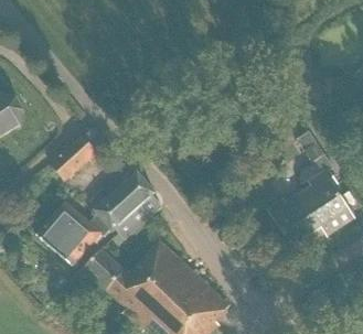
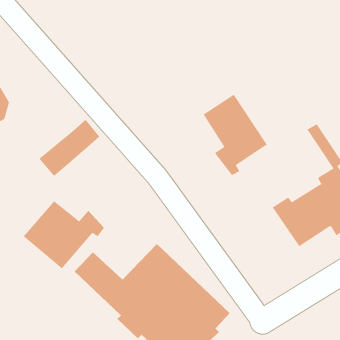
building: none -> [203,94,267,176]
building: [96,172,162,239] -> none

